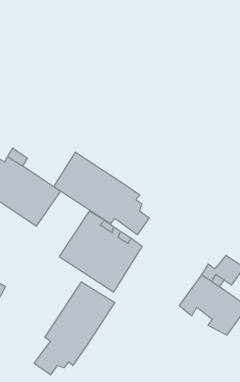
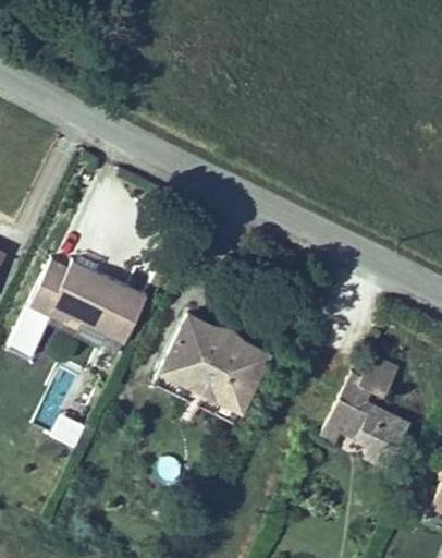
building: [54,152,149,235] -> none
building: [34,282,115,375] -> none

